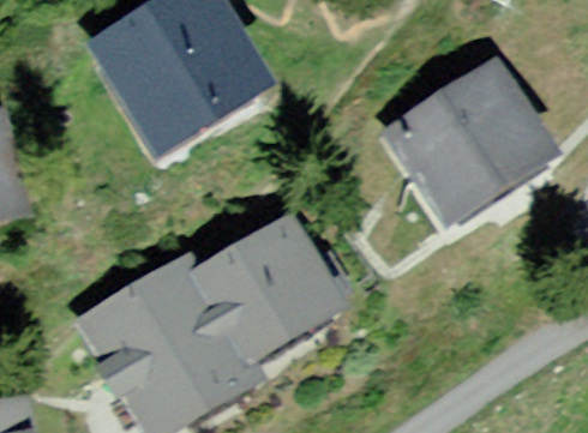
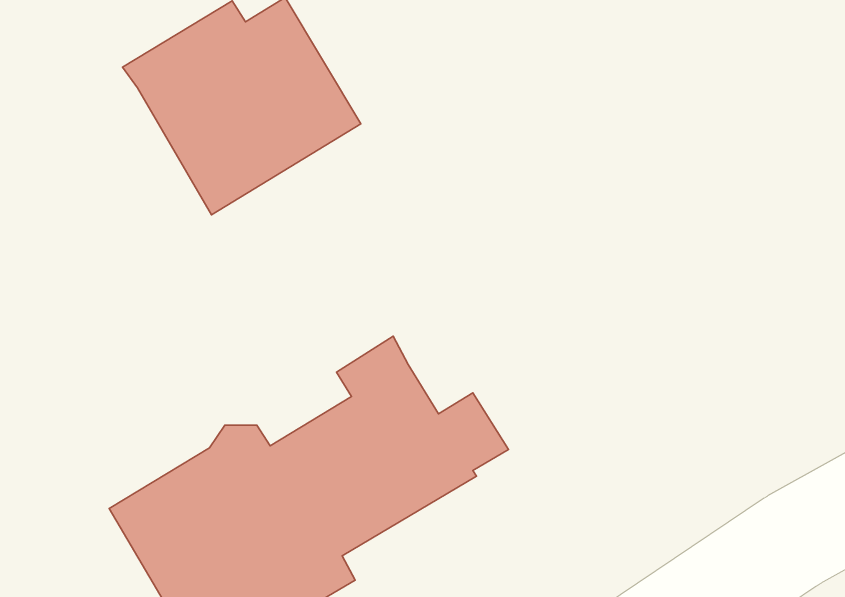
building: [396,80,539,216] -> none

